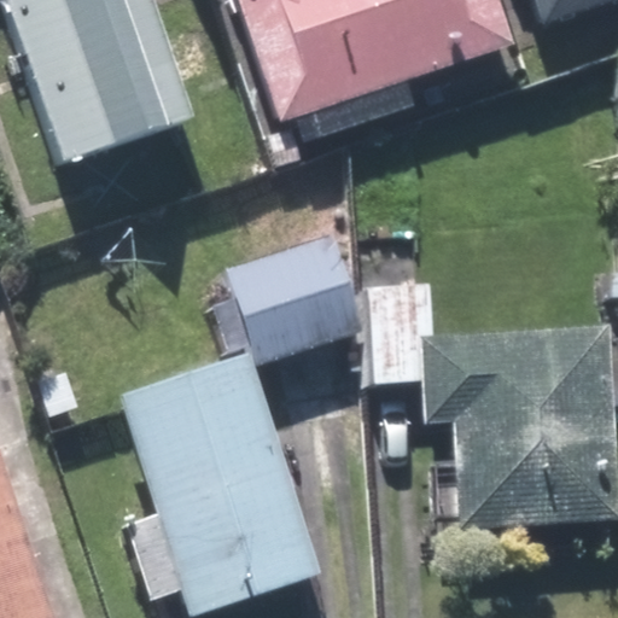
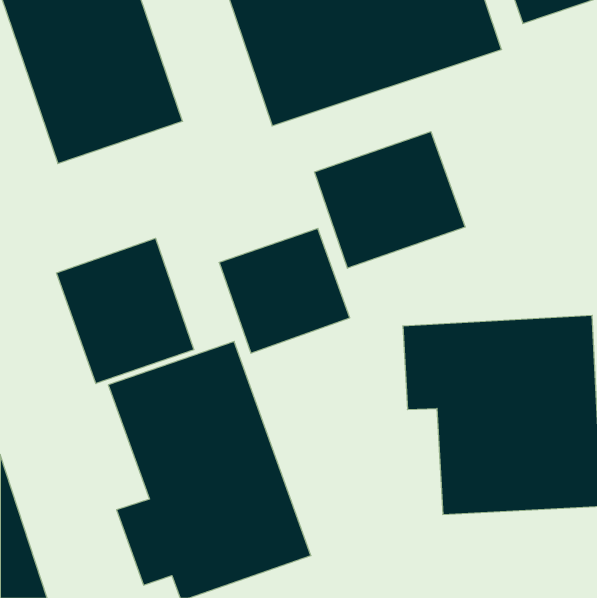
building: none -> [314,132,465,268]
building: none -> [57,238,194,384]

